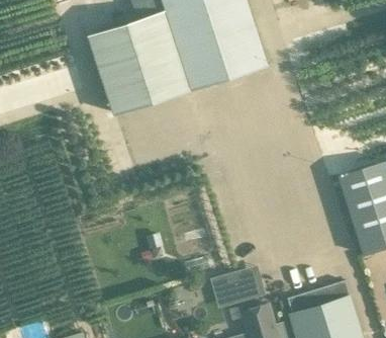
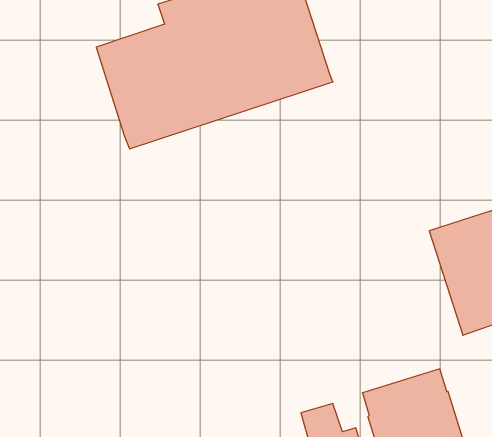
building: [210,276,265,308] -> none

